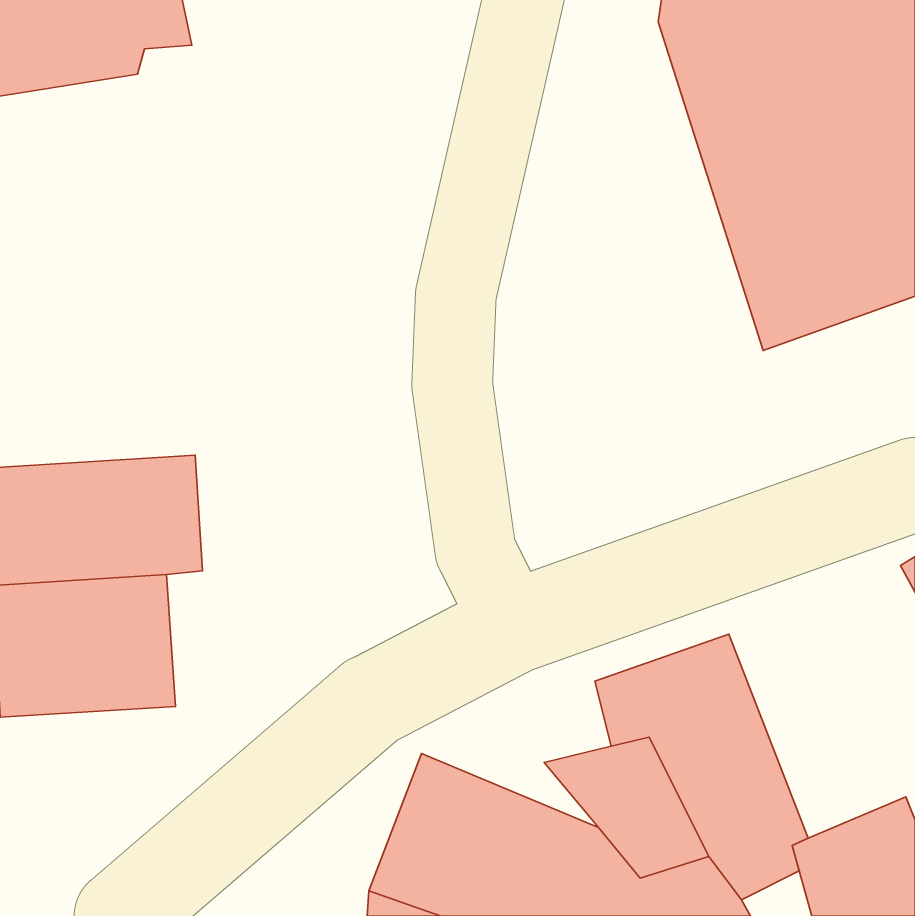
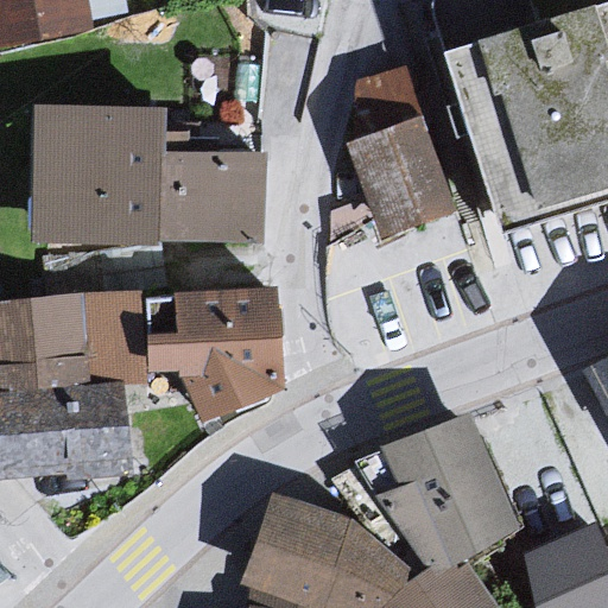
building: none -> [328,45,456,217]
building: none -> [36,104,273,242]
building: none -> [128,290,272,417]

